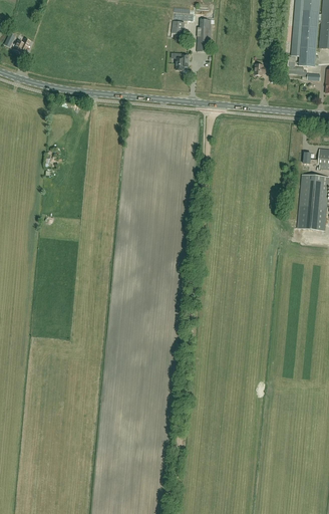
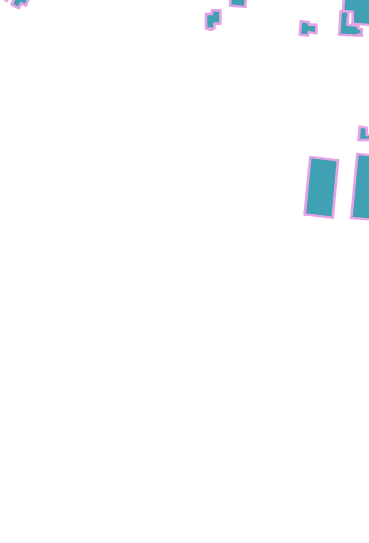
building: none -> [305,157,338,218]

